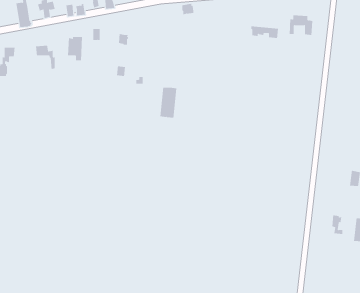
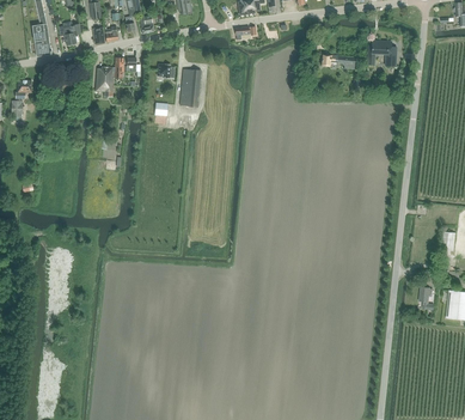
building: [160,87,177,118] -> [179,68,201,106]

